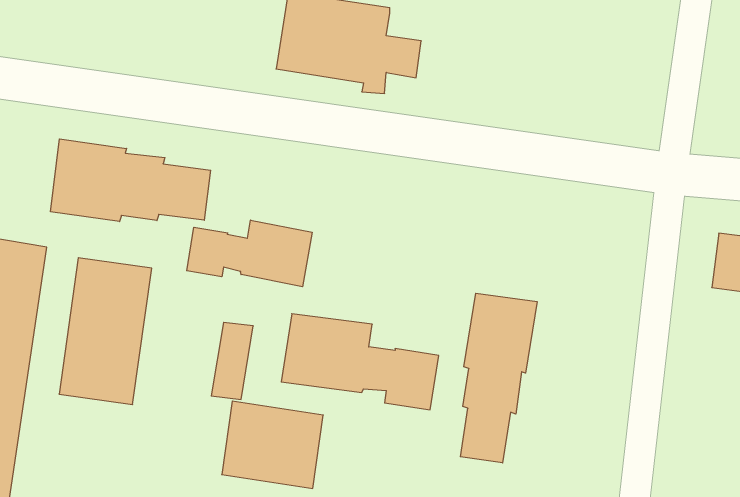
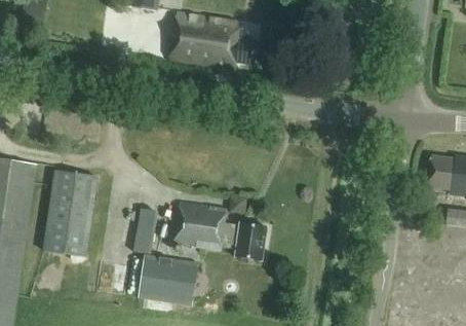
building: [51,139,211,222] -> none
building: [187,220,312,287] -> none
building: [460,293,537,463] -> none

